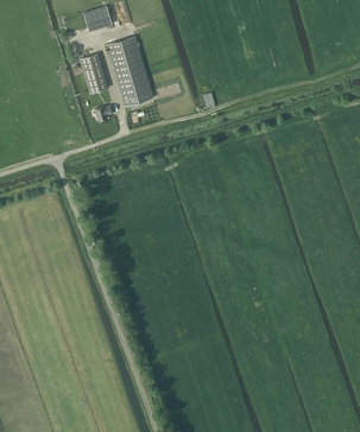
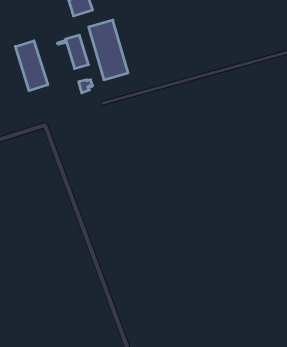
building: none -> [15,41,48,91]

